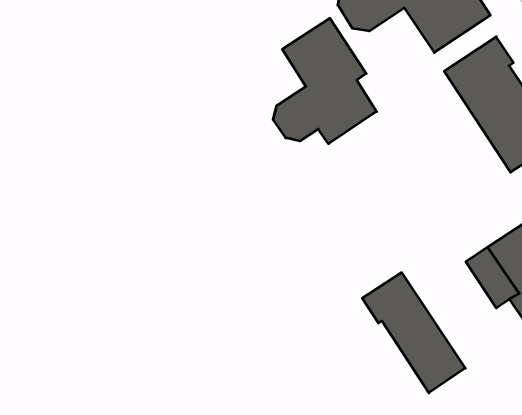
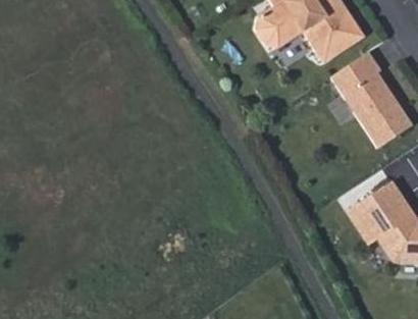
building: [273,18,377,144] -> none
building: [362,273,465,393] -> none

